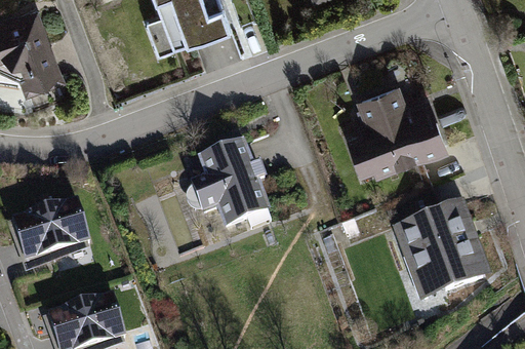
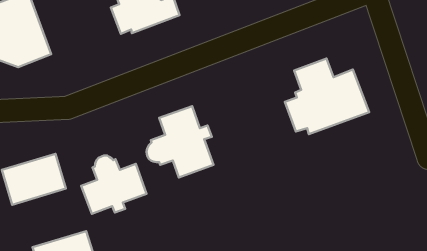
building: none -> [81,155,147,214]
building: [395,203,490,301] -> none

